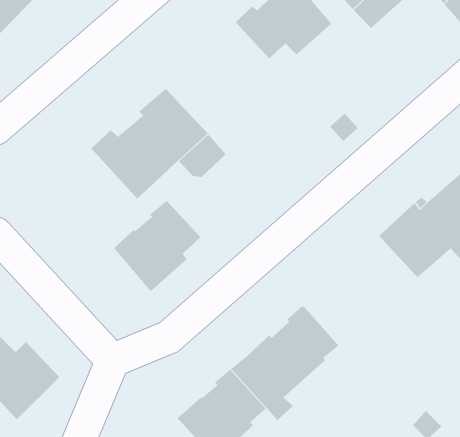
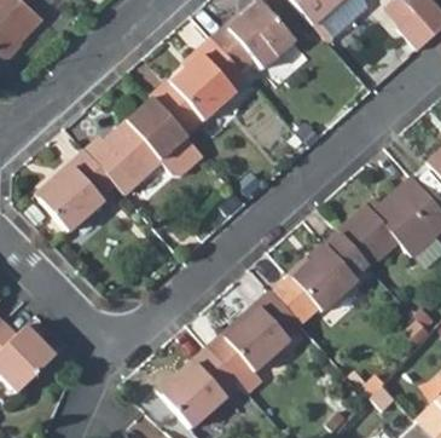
building: none -> [170,41,248,121]
building: [113,200,201,292] -> [36,152,114,234]
building: none -> [272,230,369,328]

